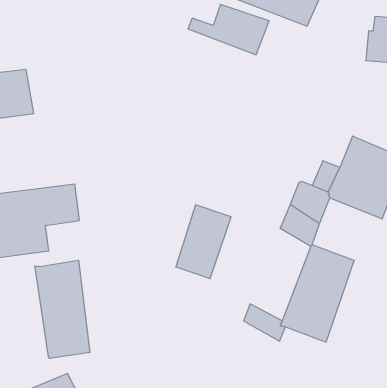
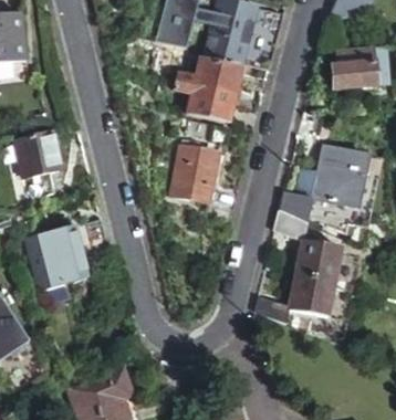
building: none -> [177,81,236,120]
building: [176,205,231,279] -> [183,143,221,200]
building: [35,260,90,358] -> none

